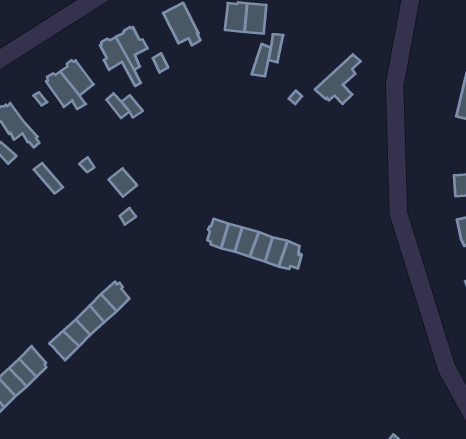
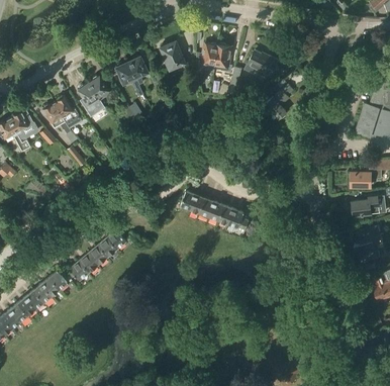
building: none -> [246,51,278,76]
building: none -> [53,96,81,127]

